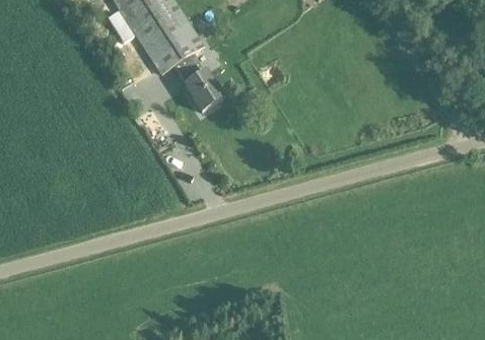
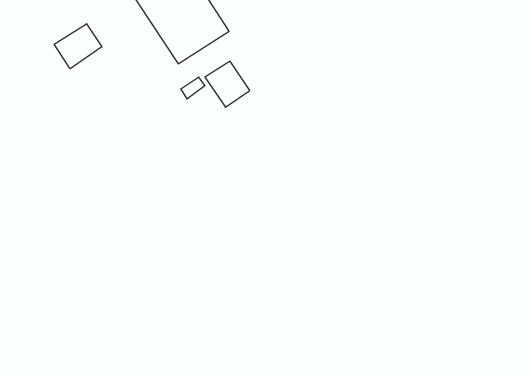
building: none -> [54,24,102,69]

